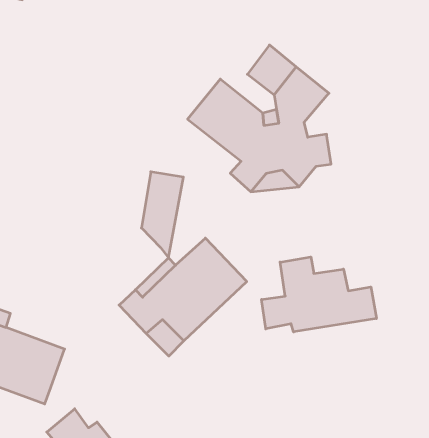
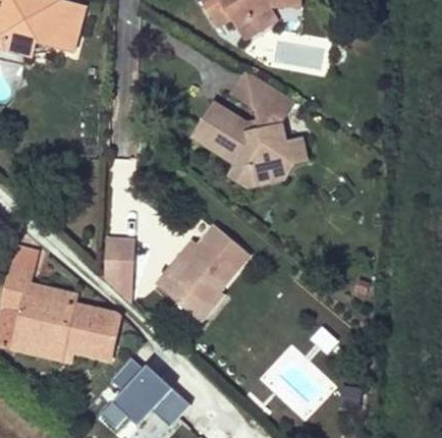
building: [141,172,183,258] -> [107,242,134,307]
building: [262,257,376,332] -> none

